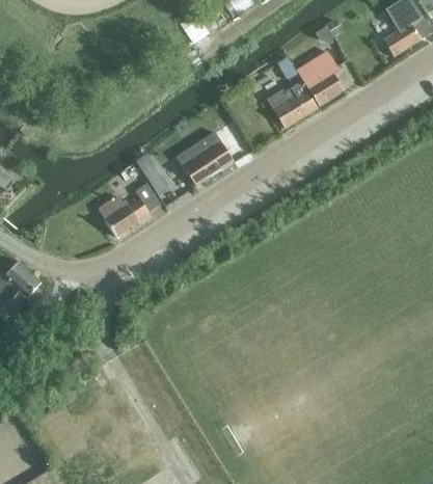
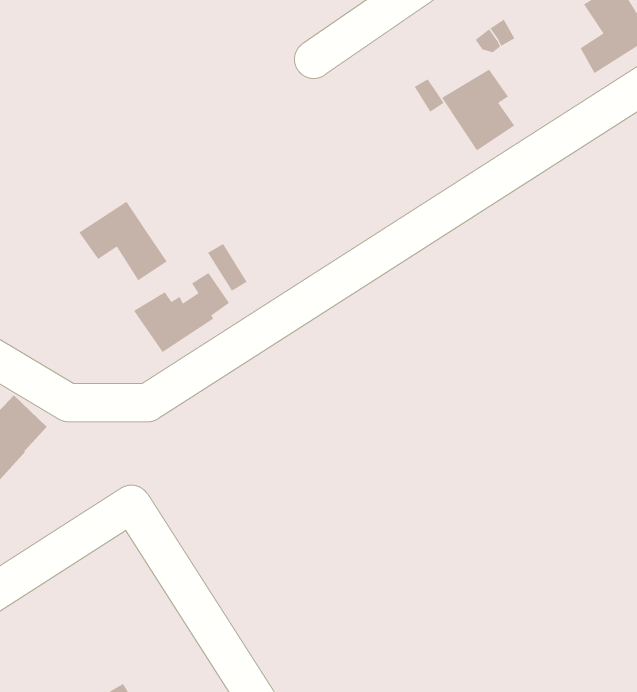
building: [266,82,317,128] -> none
building: [175,132,235,187] -> none
building: none -> [78,201,168,281]

